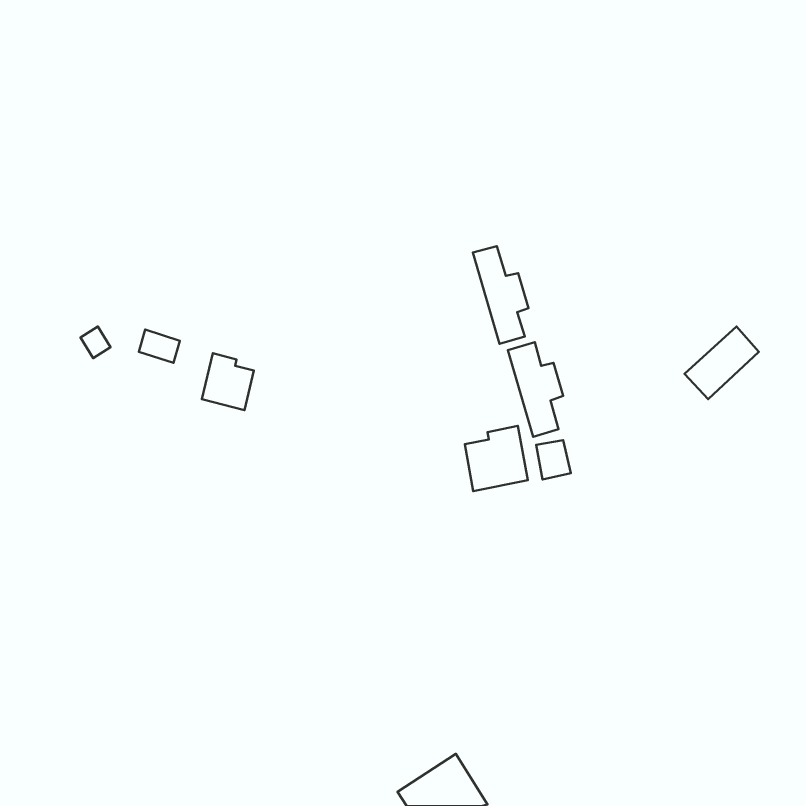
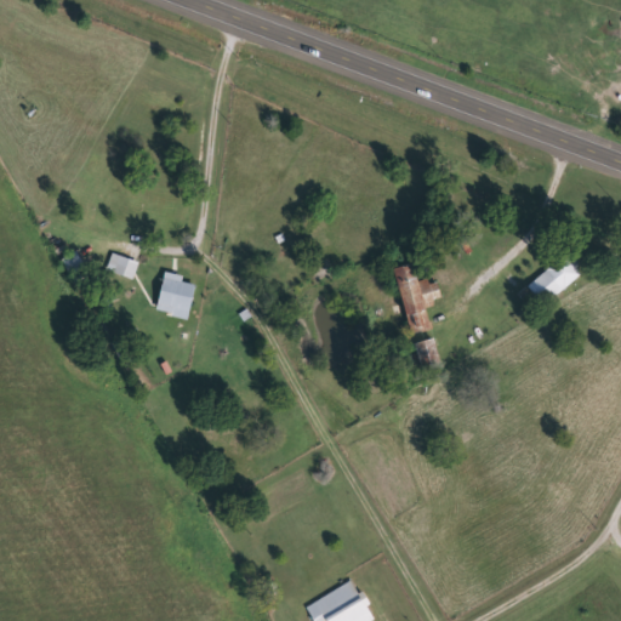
building: [473,246,529,344] -> none
building: [465,426,528,491] -> none

